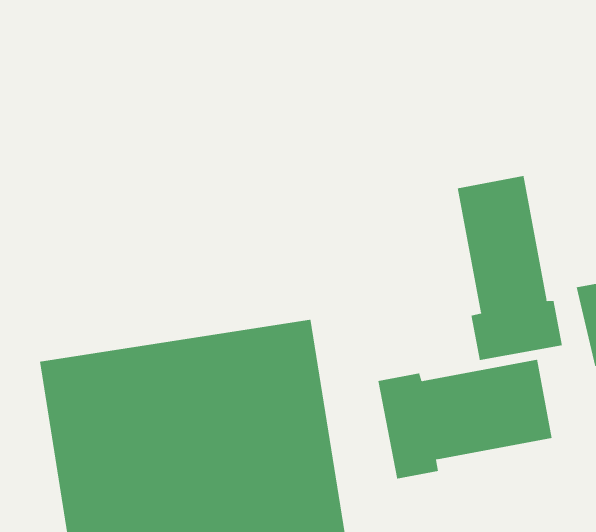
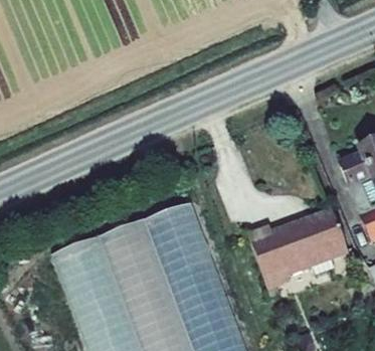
building: [457,175,563,361] -> none

